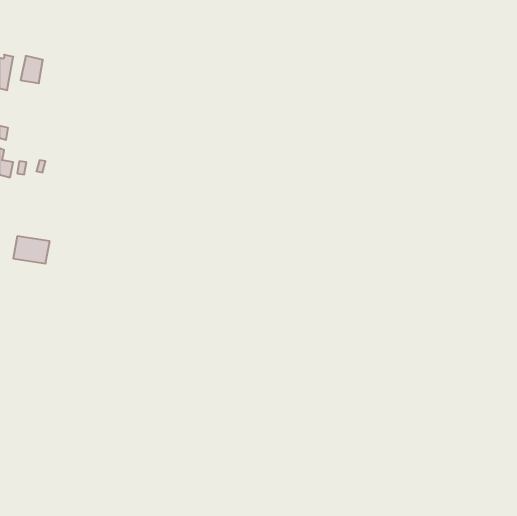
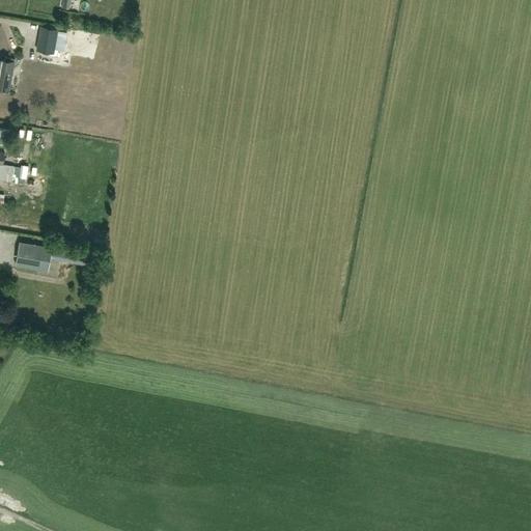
building: [21,56,43,83] -> [34,27,57,55]

